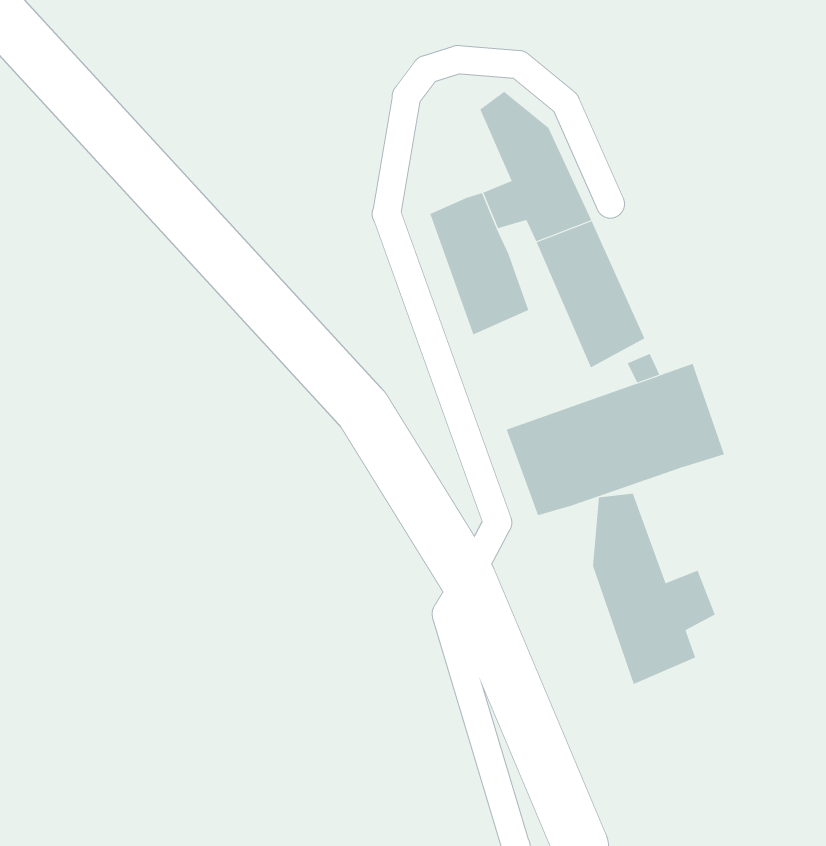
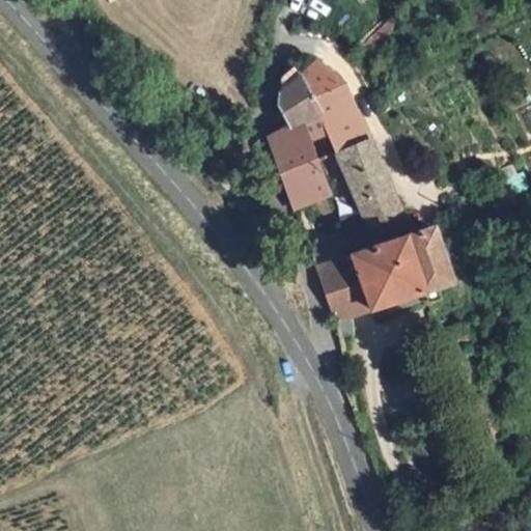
building: none -> [278,68,319,123]
building: [593,493,715,685] -> none

